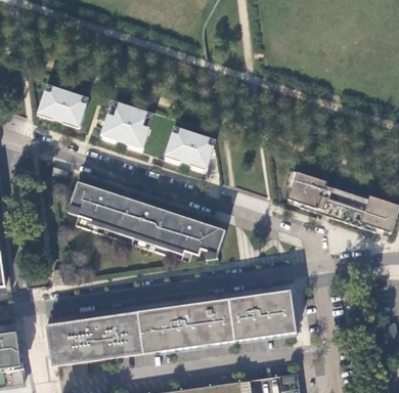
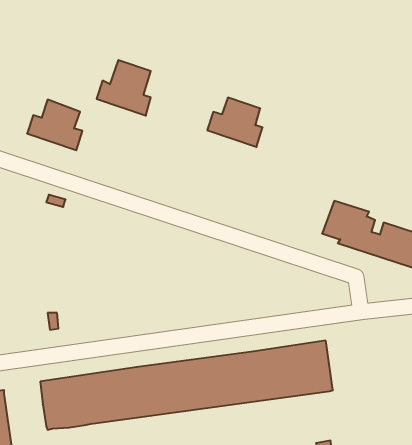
building: [99,102,145,149] -> [97,60,151,116]
building: [163,128,210,170] -> [207,98,263,147]
building: [72,181,225,255] -> none

